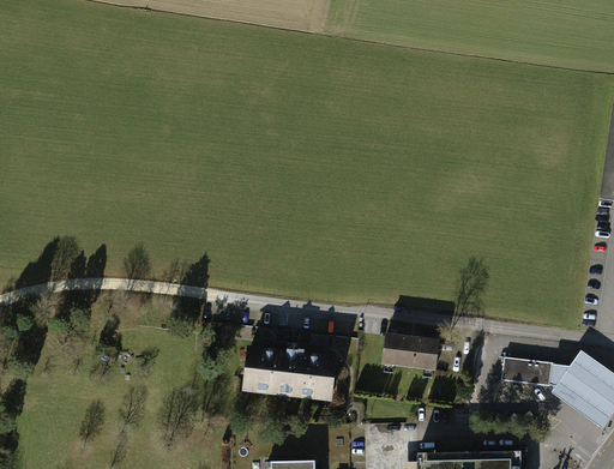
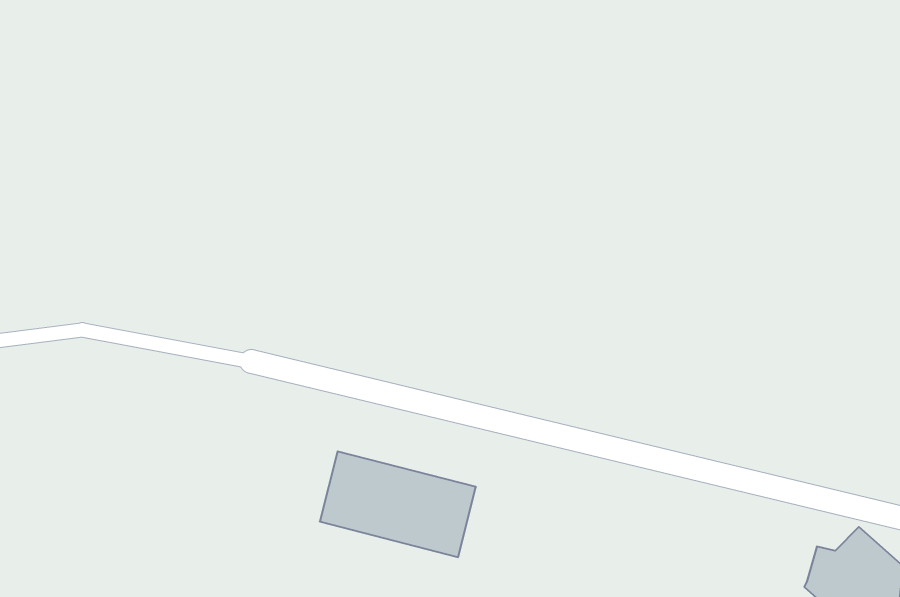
building: [381,332,441,369] -> none
building: [501,360,556,390] -> none

